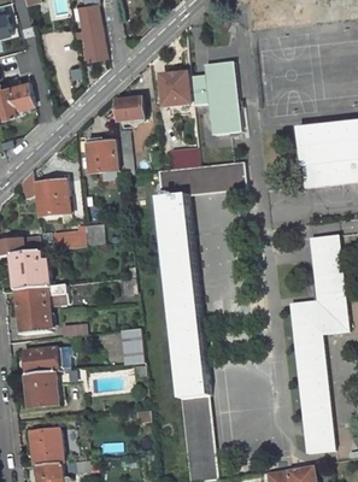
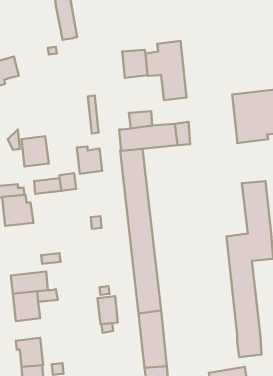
building: [113,98,143,122] -> none
building: [88,142,119,176] -> [77,147,102,174]
building: [14,284,66,335] -> none
building: [117,329,142,364] -> [97,296,118,324]

